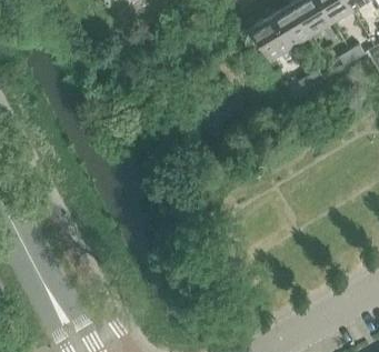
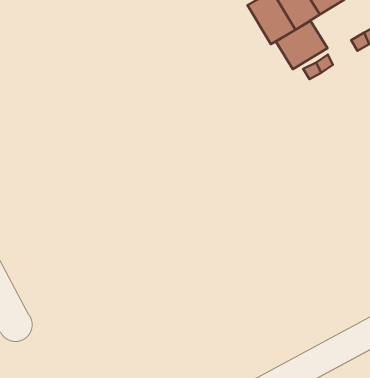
building: none -> [276,21,327,69]

